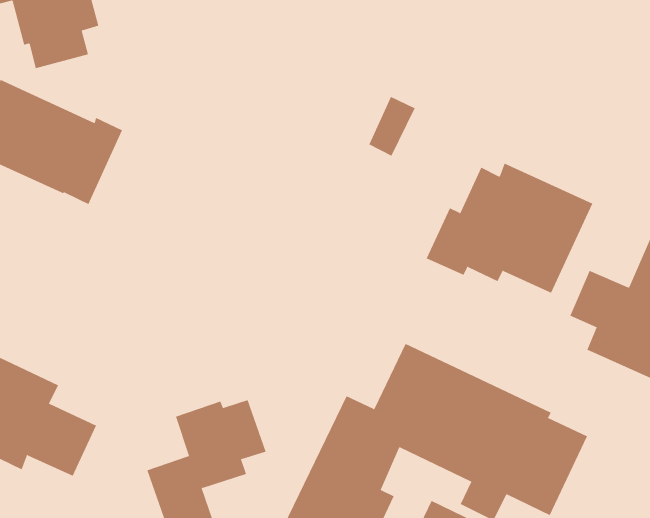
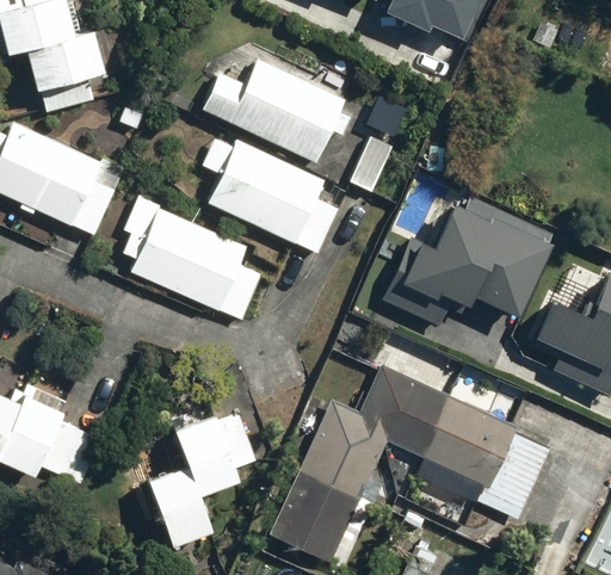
building: none -> [200,58,351,163]
building: none -> [202,138,339,255]
building: none -> [121,196,263,321]

